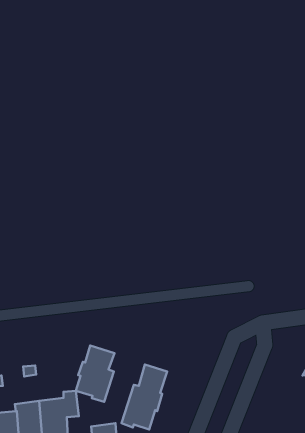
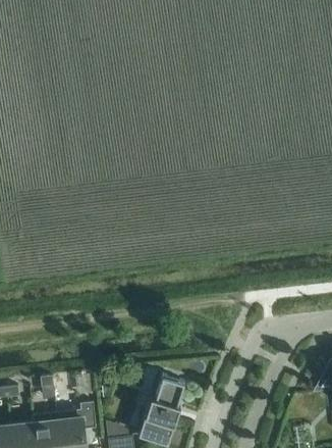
building: [76,346,114,402] -> none

